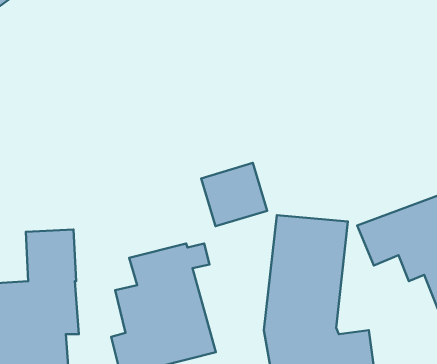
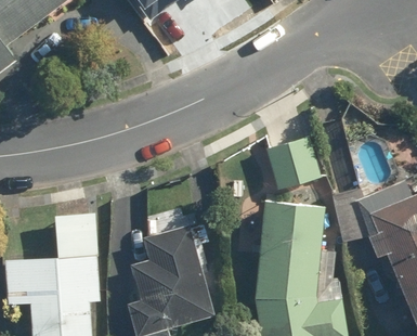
building: [201,163,267,226] -> [265,137,321,190]

